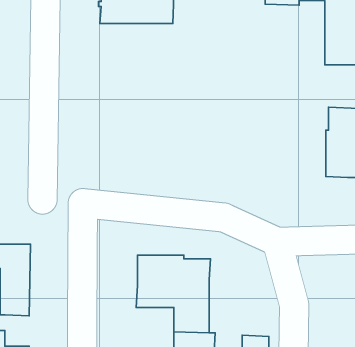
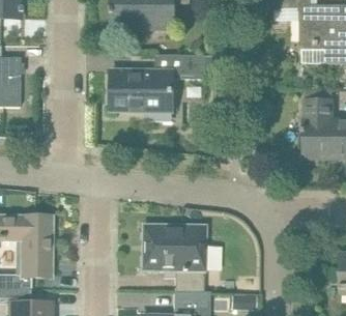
building: none -> [111,54,205,112]

